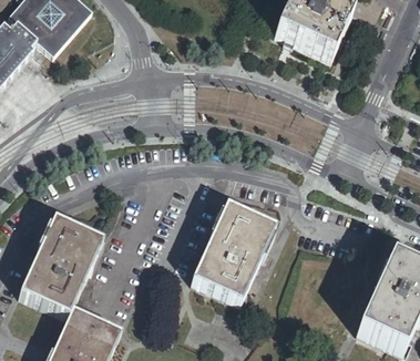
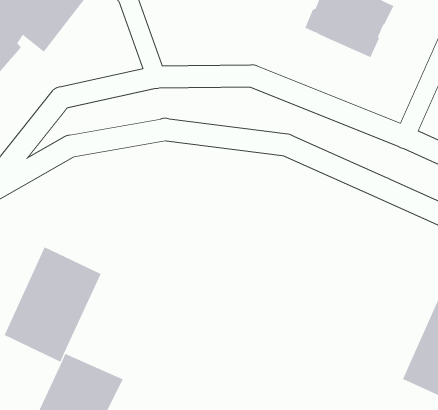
building: [192,205,275,302] -> none

